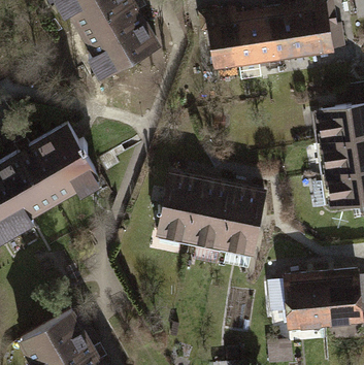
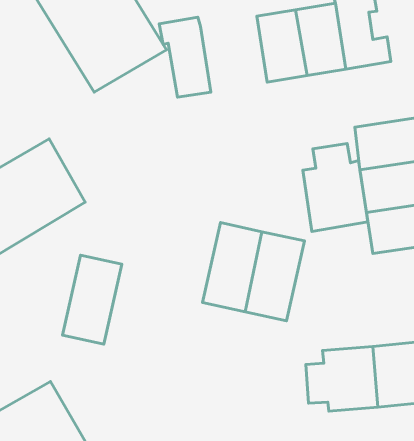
building: [202,12,243,76] -> [159,17,211,97]
building: none -> [303,144,368,232]
building: [159,177,206,248] -> [62,255,122,344]

